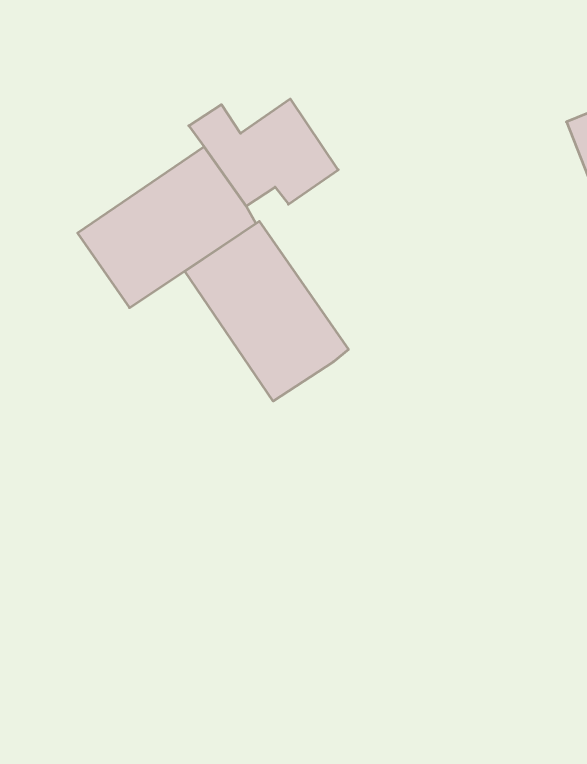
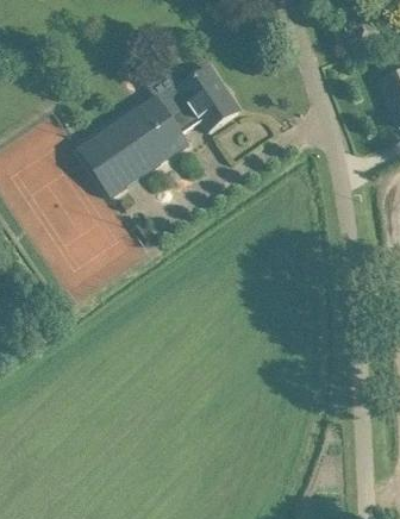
building: [185,221,348,401] -> none

